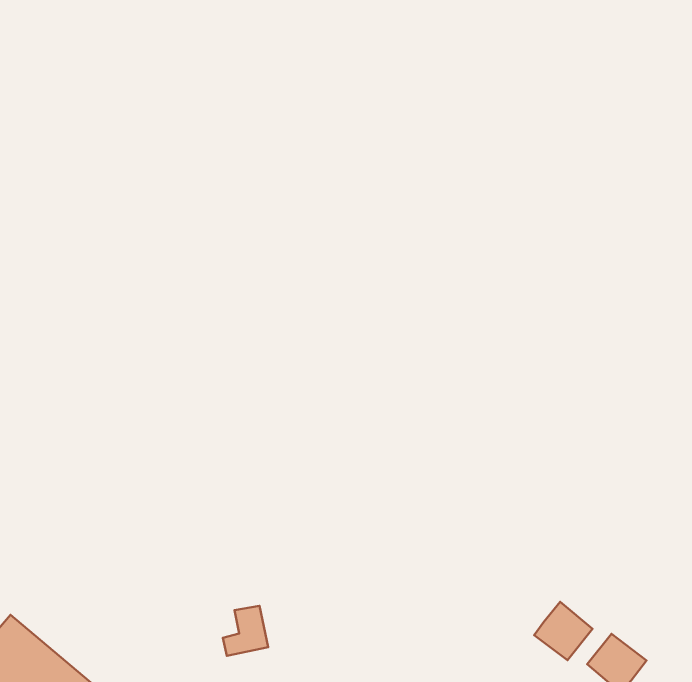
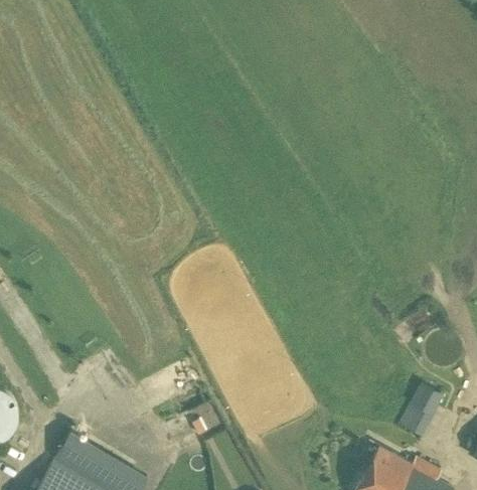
building: [534,602,593,660] -> none

